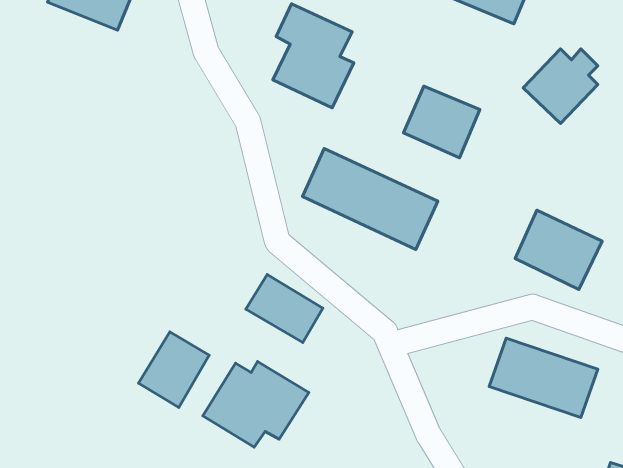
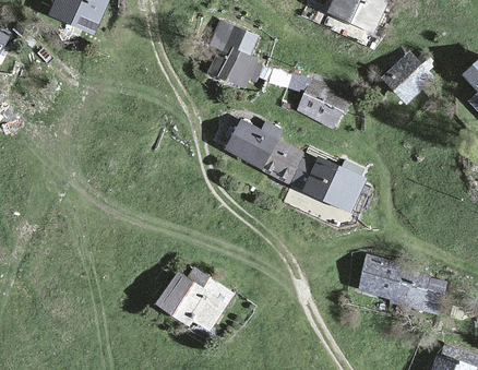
building: [515,210,602,289] -> [306,157,367,213]
building: [246,274,323,343] -> none
building: [139,332,209,408] -> none

